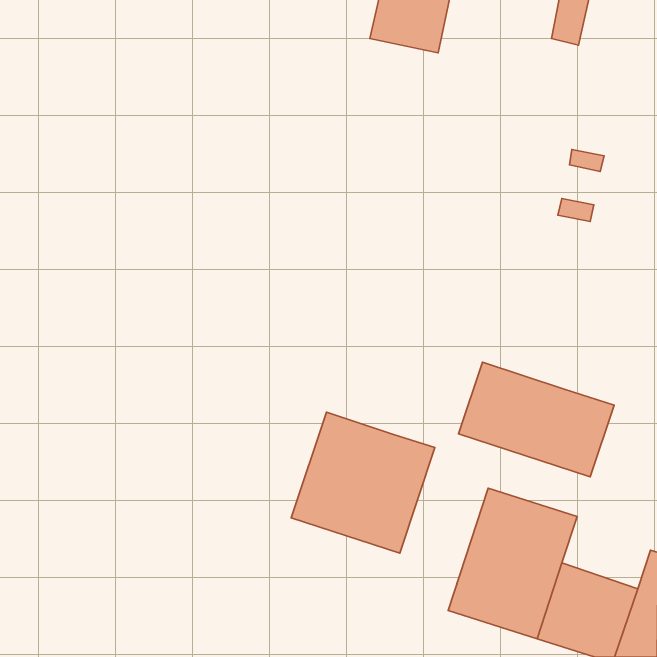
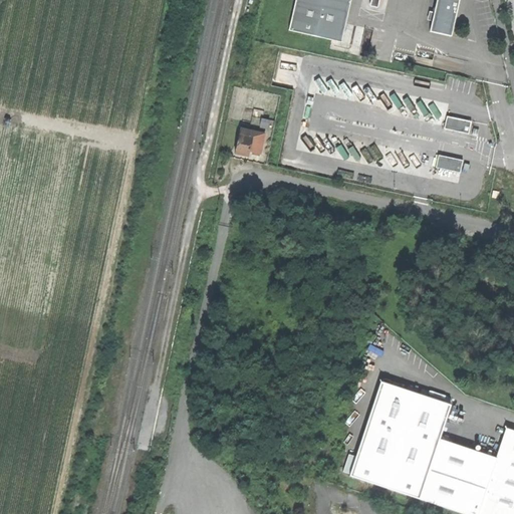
building: none -> [236,127,265,155]
building: [458,362,614,477] -> none
building: [291,412,435,553] -> none

